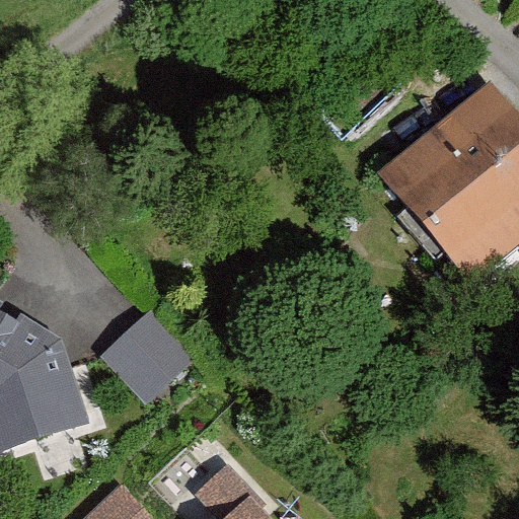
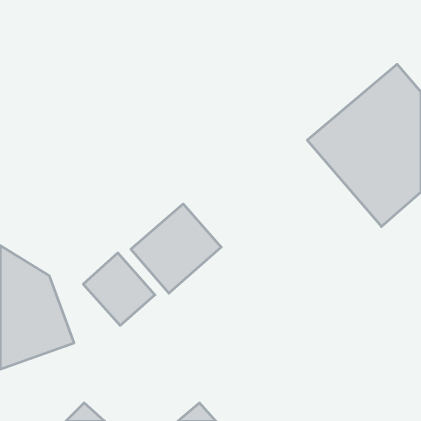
building: none -> [131,204,221,293]

